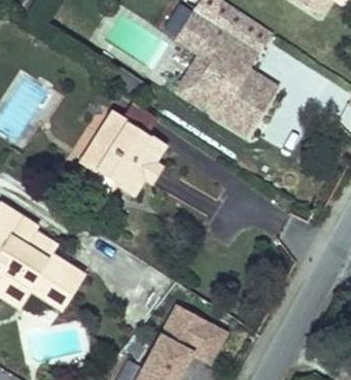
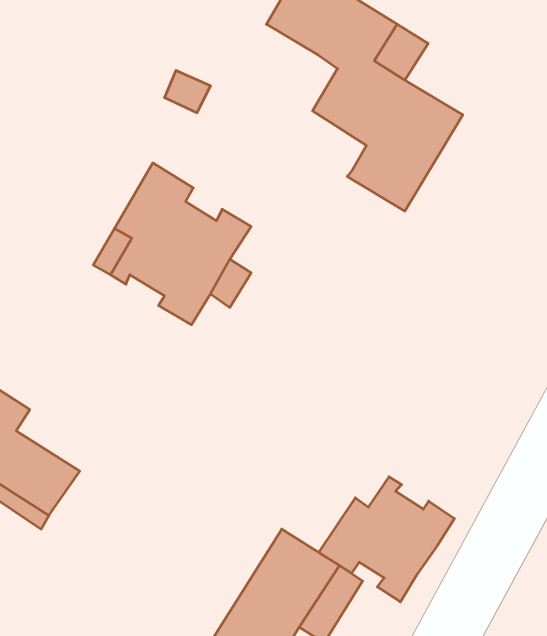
building: [181,53,227,113] -> none
building: none -> [319,477,454,602]

